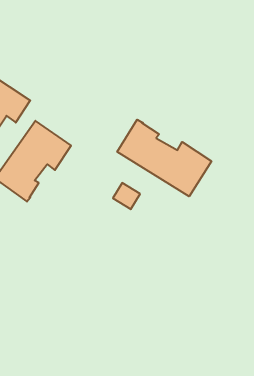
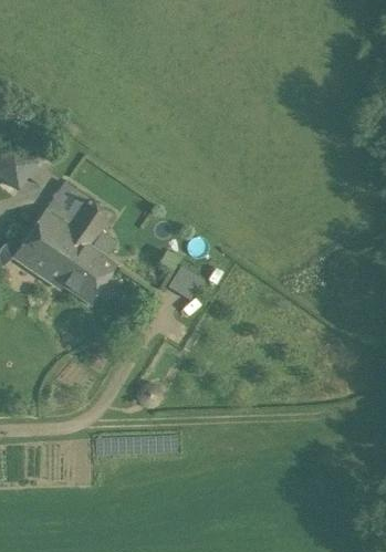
building: [117,120,211,196] -> none
building: none -> [59,240,117,304]

